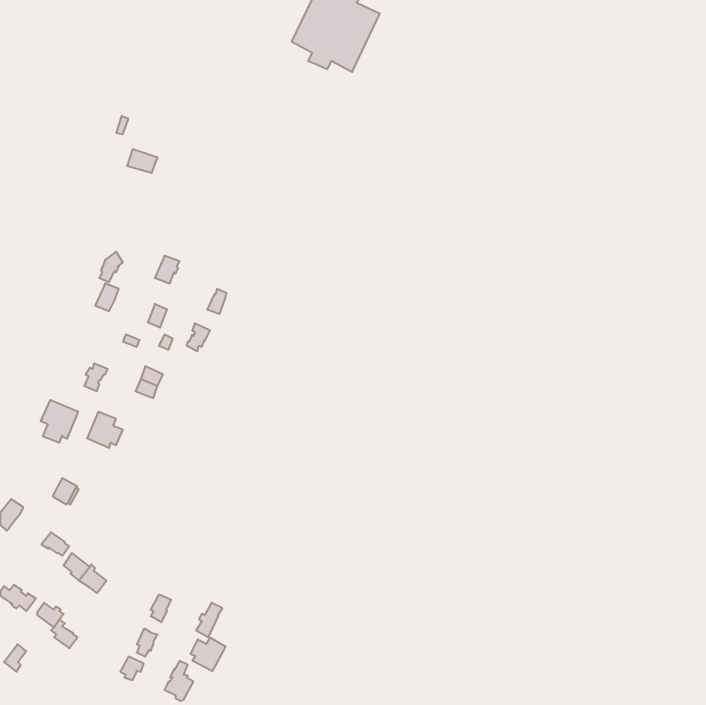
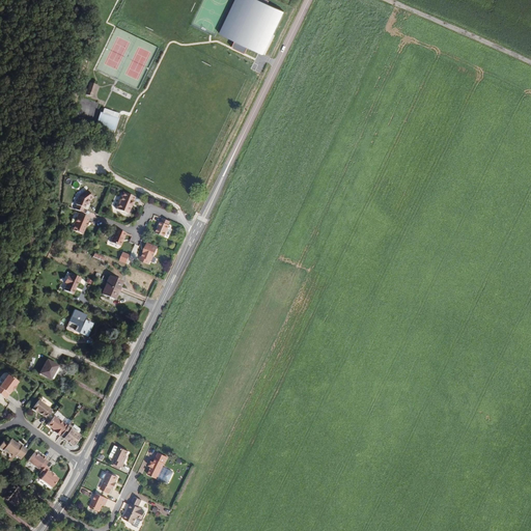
building: [41,400,78,443] -> none
building: [191,638,226,671] -> none

